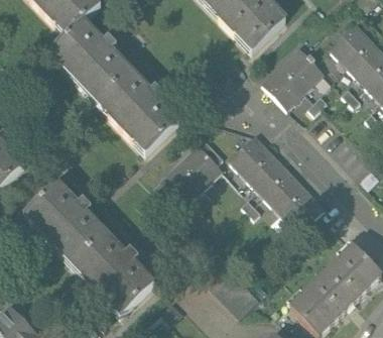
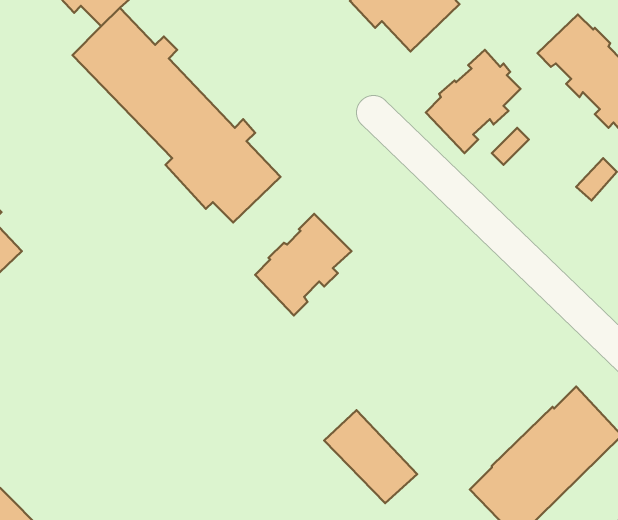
building: [229,134,324,227] -> none
building: [27,184,151,311] -> none

